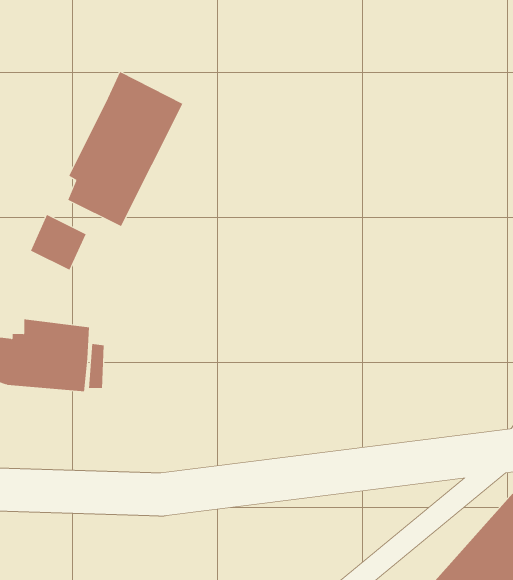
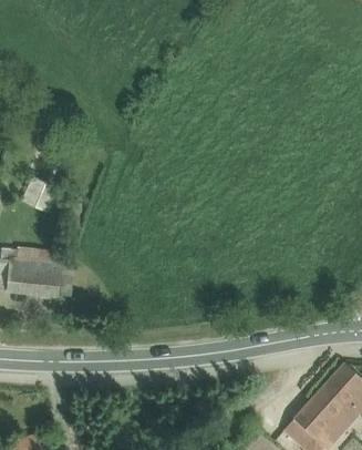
building: [67,71,183,227] -> none

